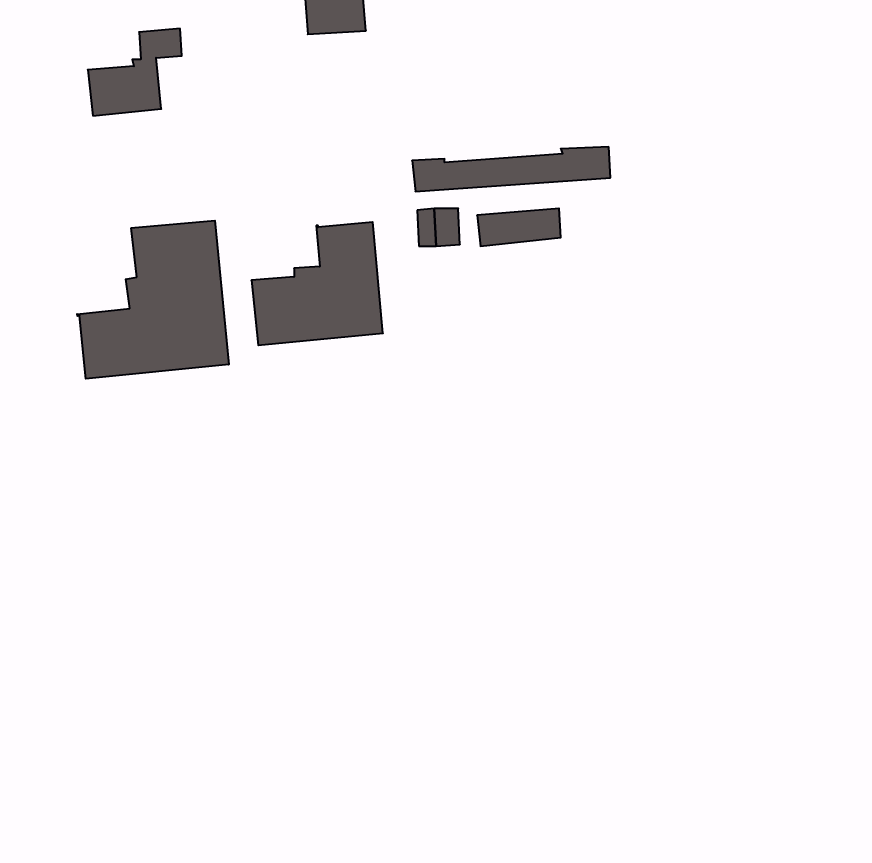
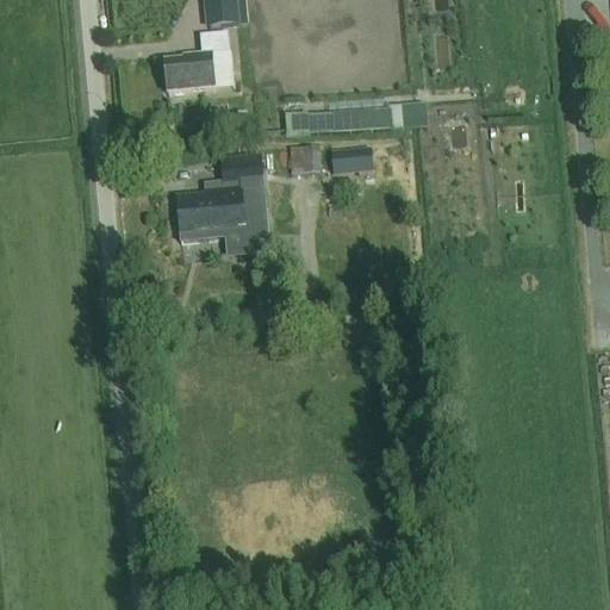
building: [88,29,182,116] -> [163,31,229,92]
building: [77,221,229,379] -> none

